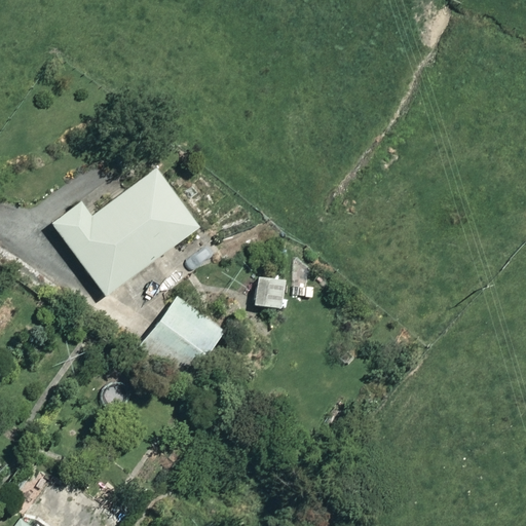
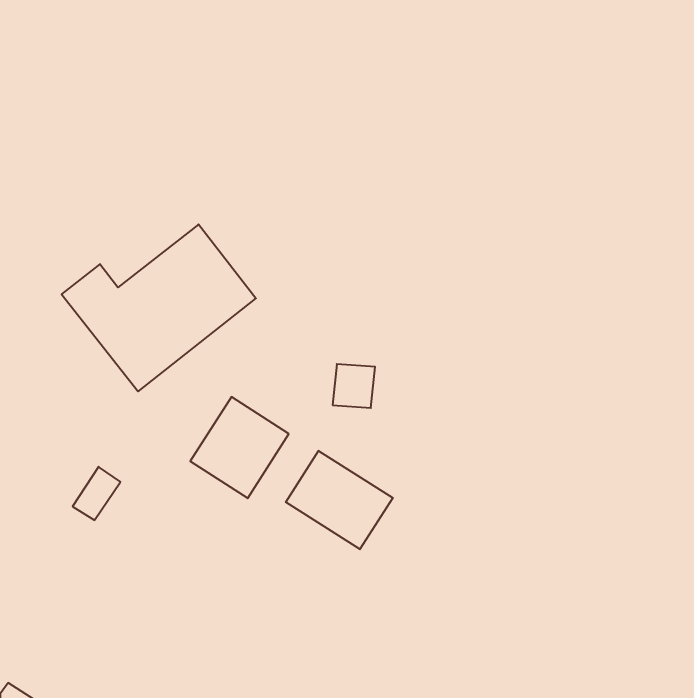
building: none -> [286,451,393,549]

